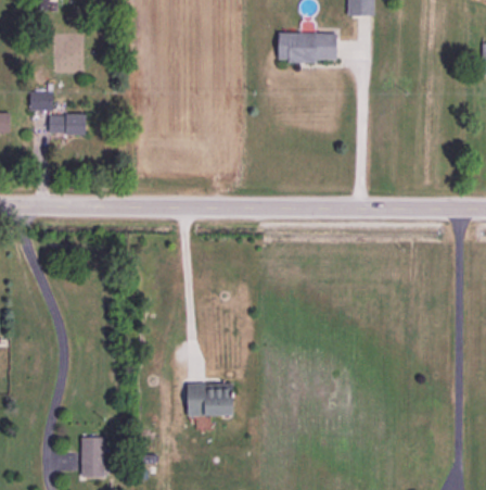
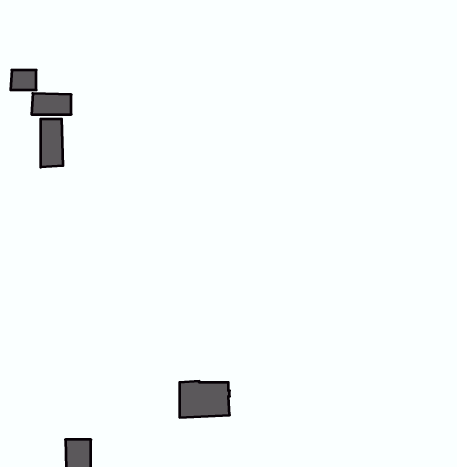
building: [278,33,337,62] -> none
building: none -> [41,119,63,167]

